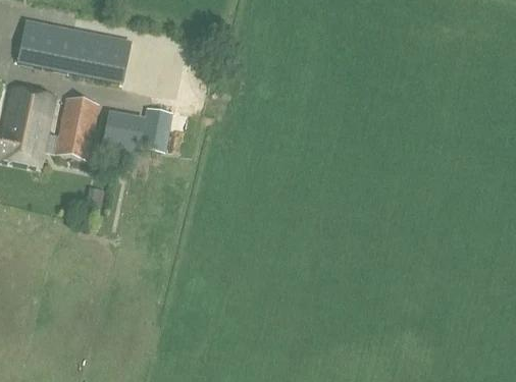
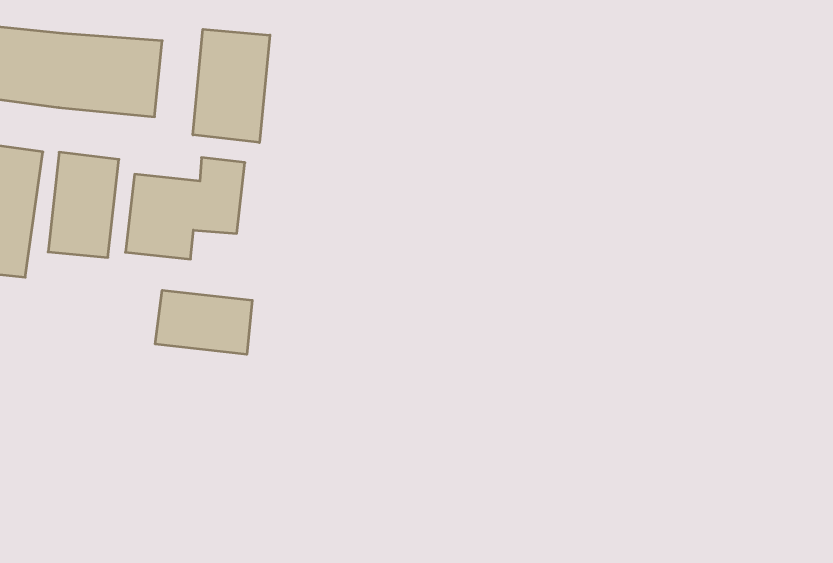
building: none -> [193,29,270,143]
building: none -> [155,290,252,354]

